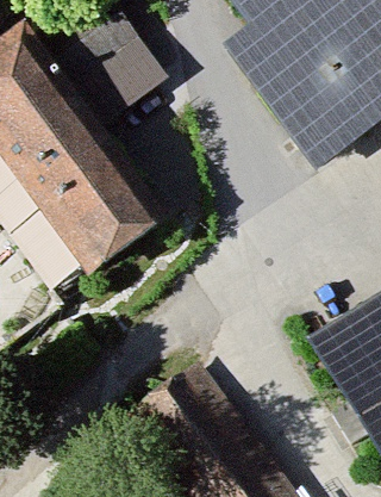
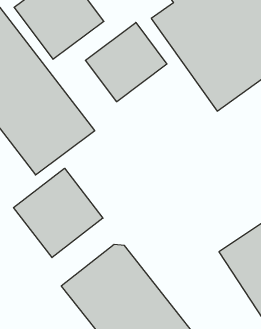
building: none -> [85,22,167,102]
building: none -> [14,168,103,258]

